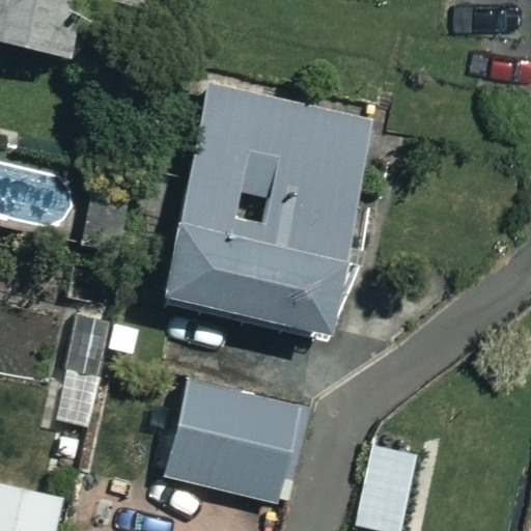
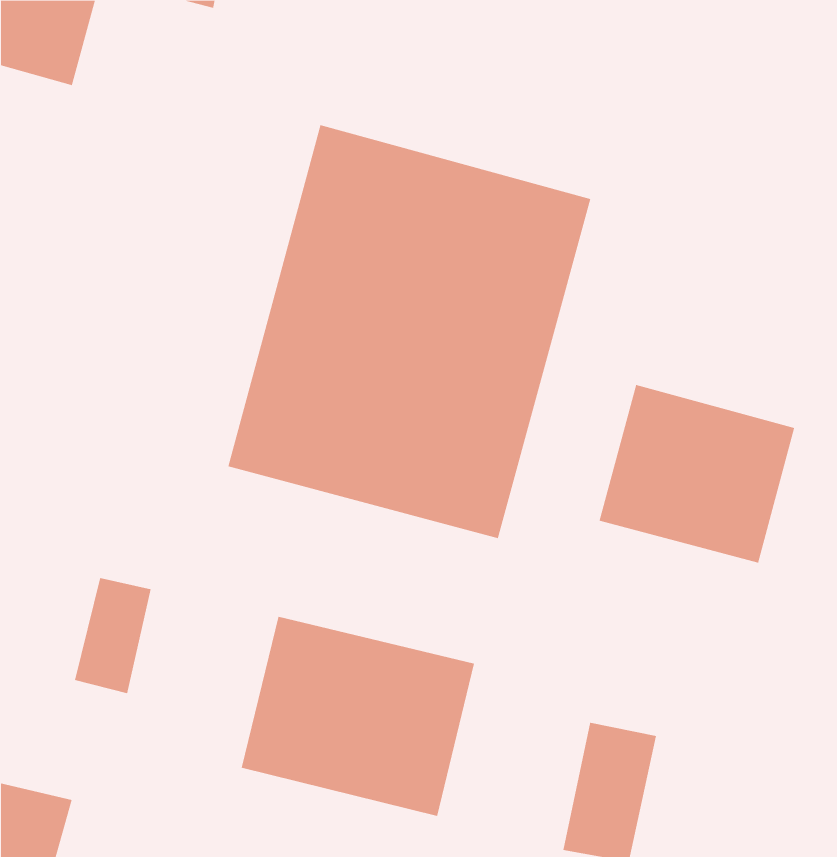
building: none -> [599,384,795,563]

